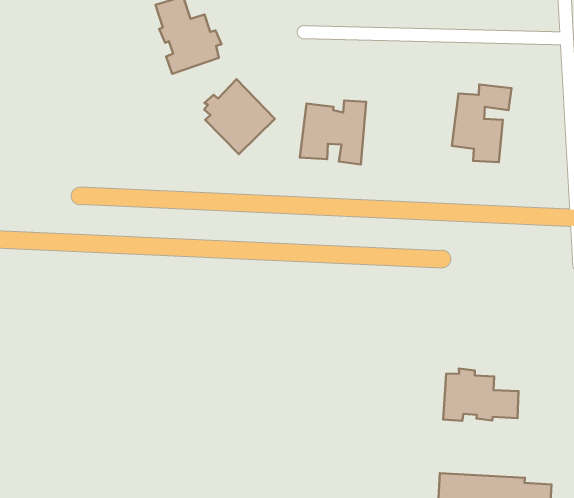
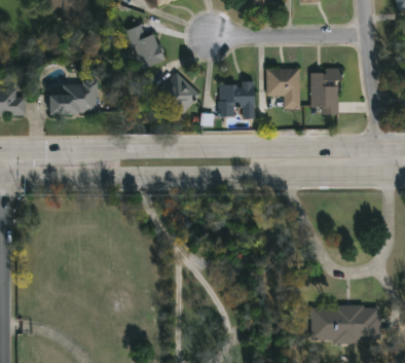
building: none -> [264,66,300,107]
building: none -> [49,80,97,112]
building: [443,368,519,421] -> none

